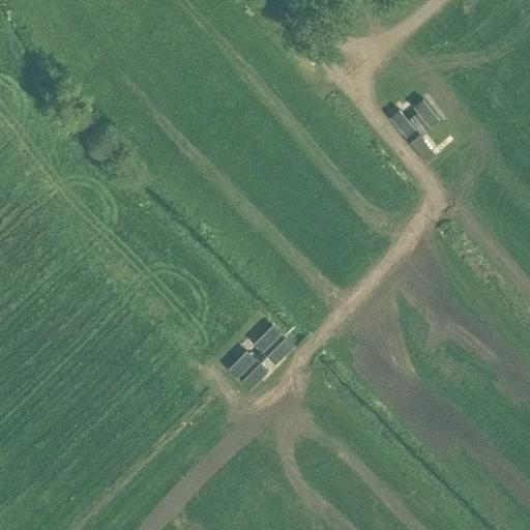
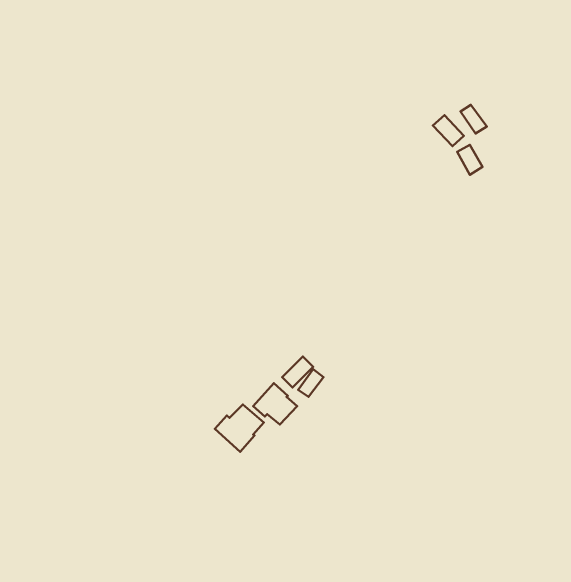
building: none -> [215,404,264,452]

